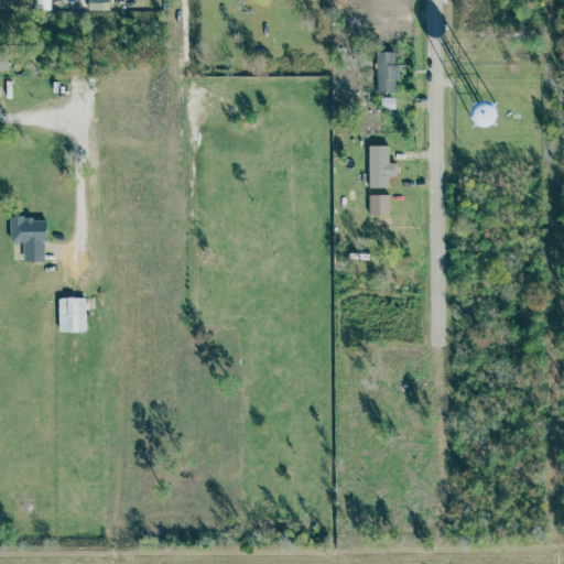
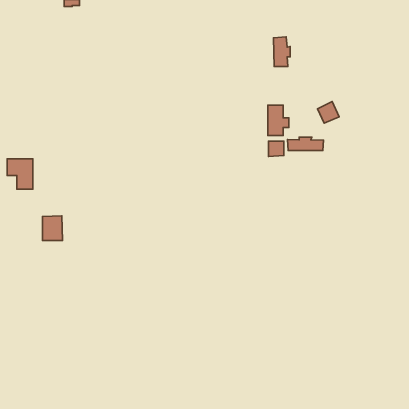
building: [469,98,499,128] -> [318,102,339,123]
building: none -> [288,137,323,151]

